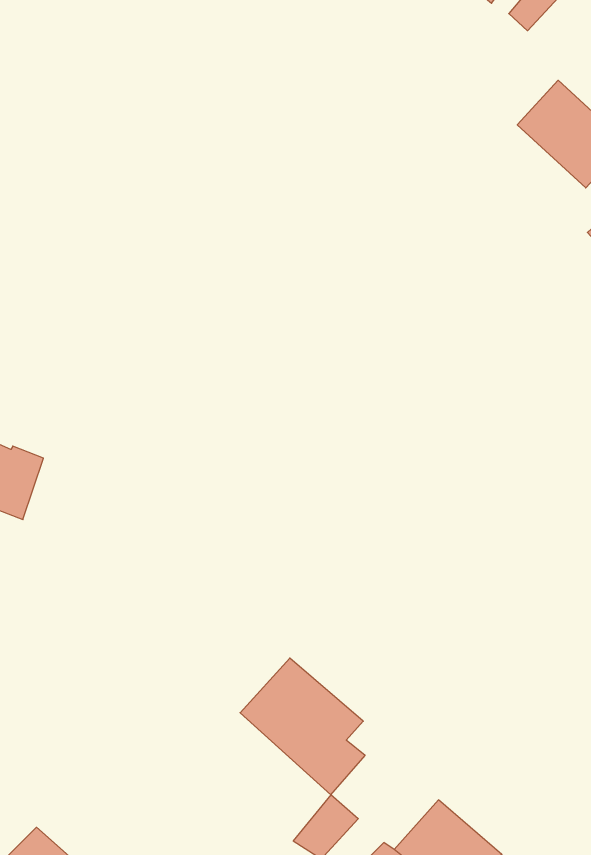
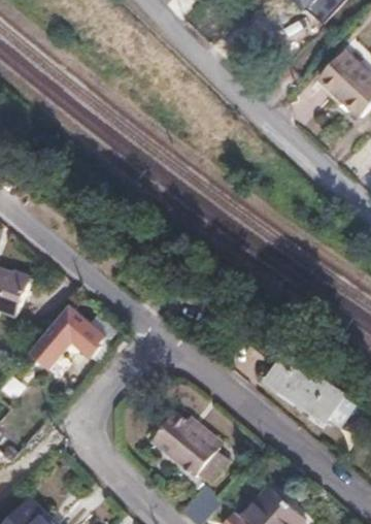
building: none -> [31,306,110,372]
building: none -> [265,355,338,426]

